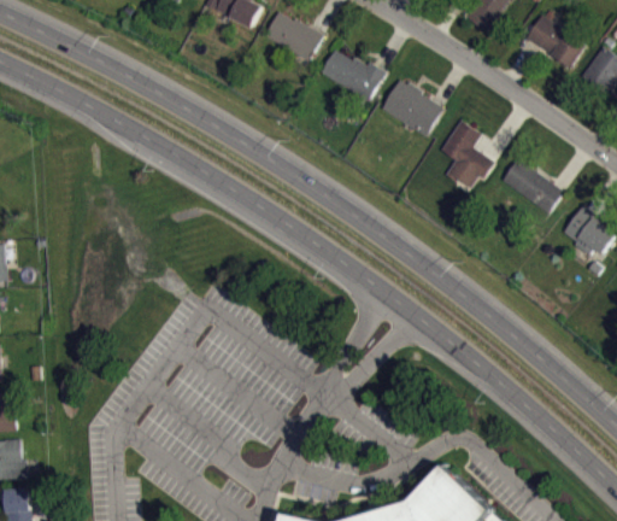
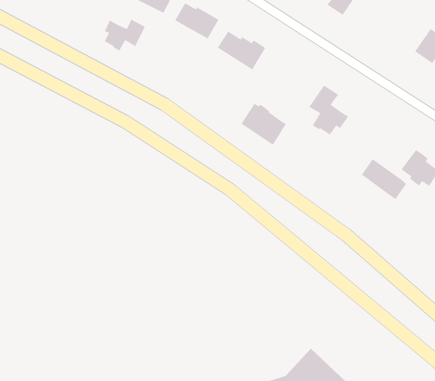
building: [525,14,584,68] -> none
building: none -> [104,19,146,51]
building: [381,80,442,136] -> [240,103,287,146]
building: [500,157,562,212] -> [361,158,407,200]

